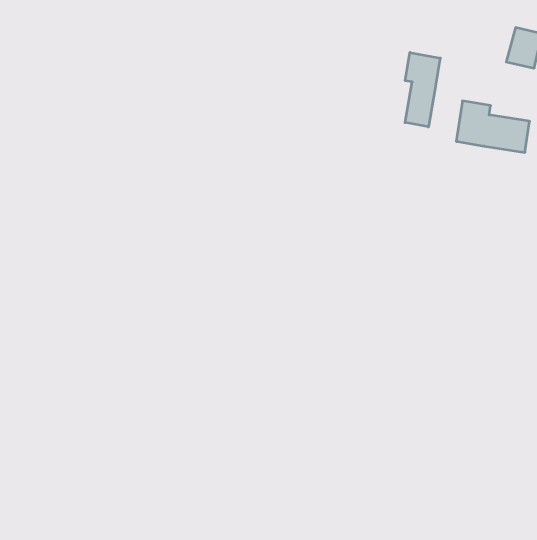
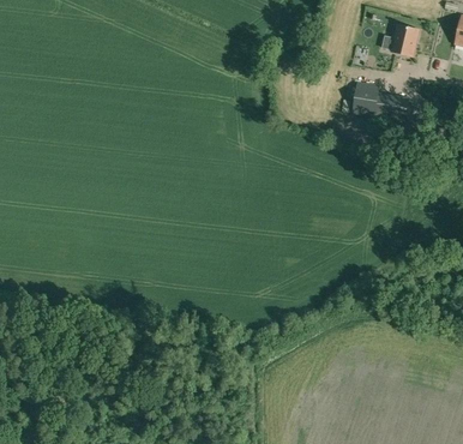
building: [405,52,440,127] -> none

